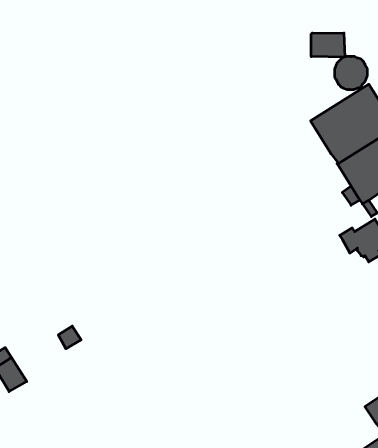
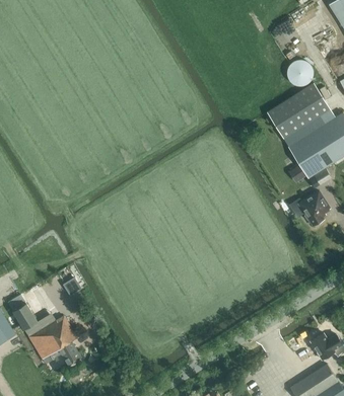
building: [311,33,345,57] -> none
building: none -> [28,316,81,365]

